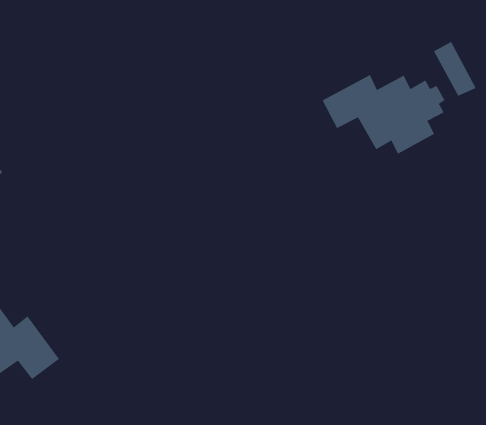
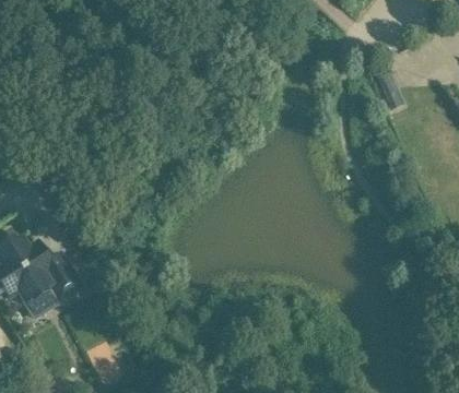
building: [322,74,445,154] -> none

